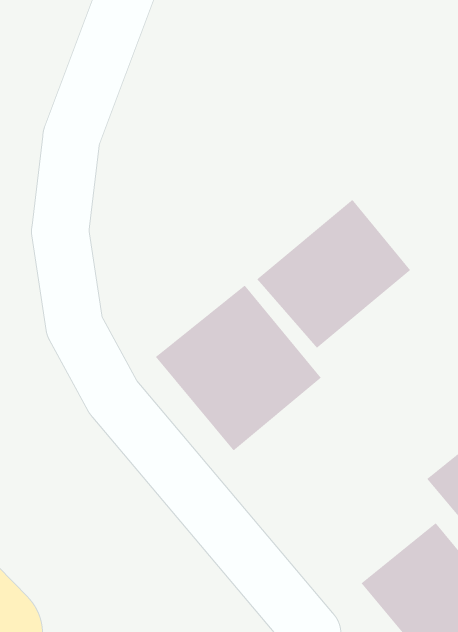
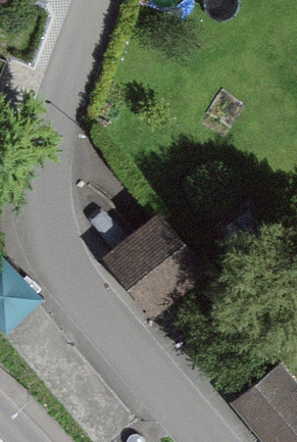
building: [256,199,411,349] -> none

